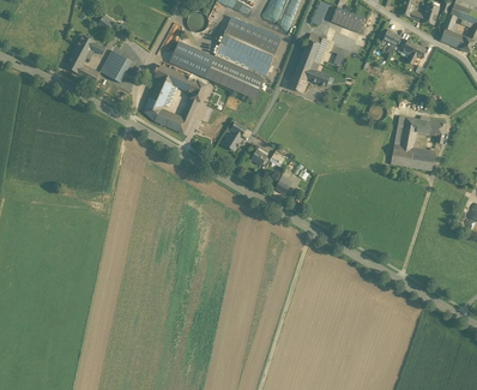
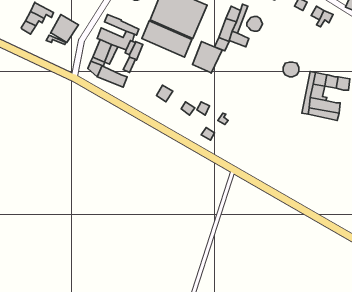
building: none -> [192,41,222,73]

